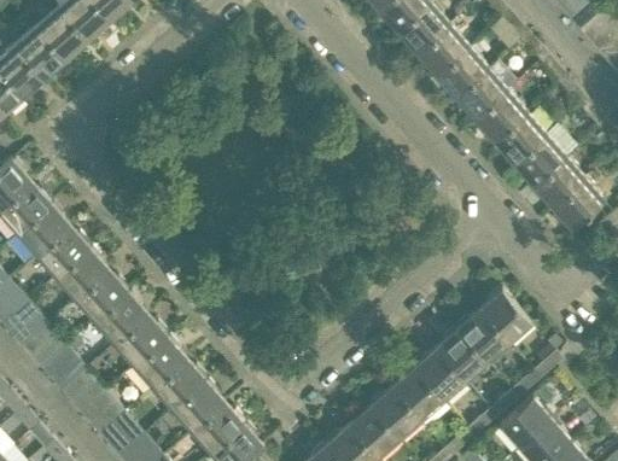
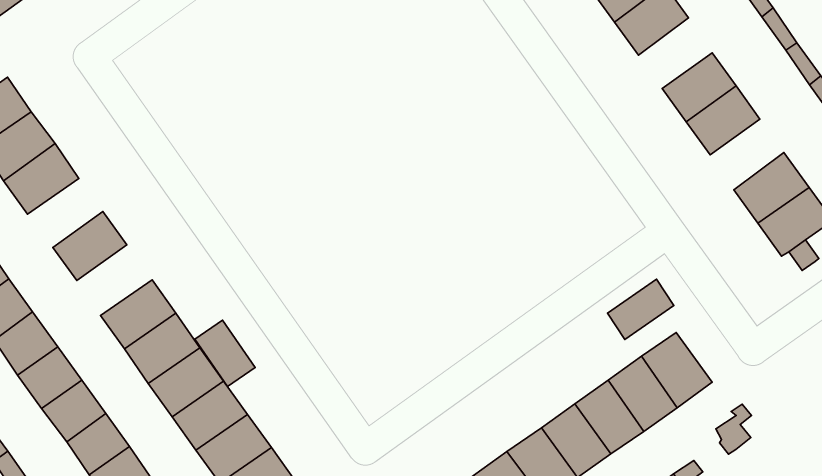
building: [455,59,517,118] -> none
building: [513,133,565,185] -> none
building: [35,224,88,275] -> none
building: none -> [608,279,674,339]
building: [75,268,128,320] -> none
building: none -> [195,320,255,387]

